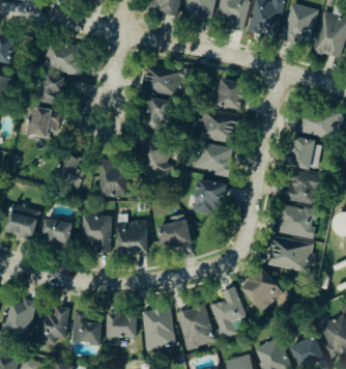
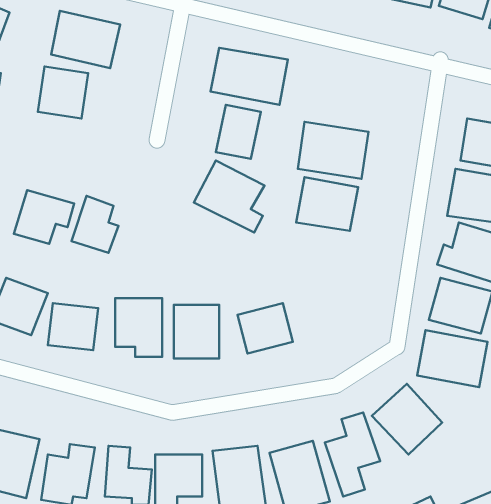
building: [215,79,244,109] -> none
building: [25,106,62,139] -> [14,190,74,244]
building: [98,161,127,196] -> none
building: [192,179,225,216] -> none

